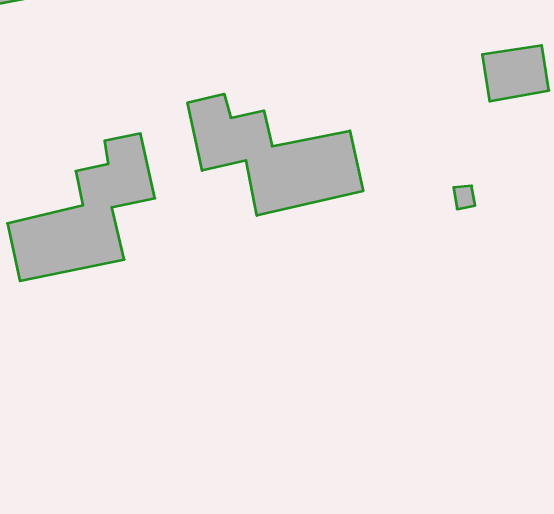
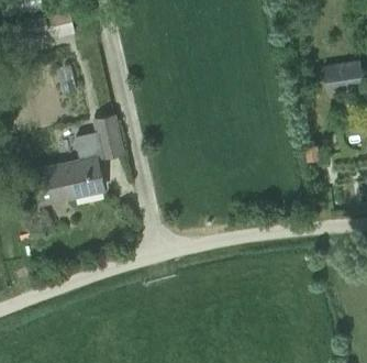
building: [188,94,363,216] -> none

